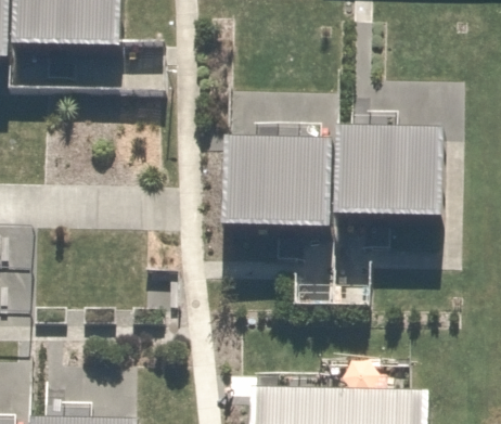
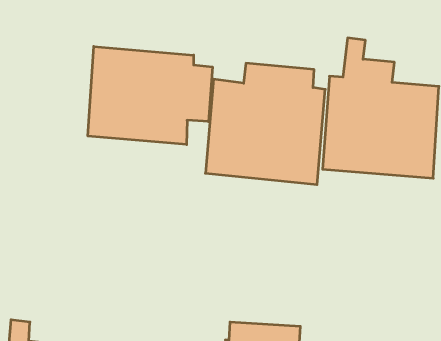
building: none -> [88,46,212,145]

